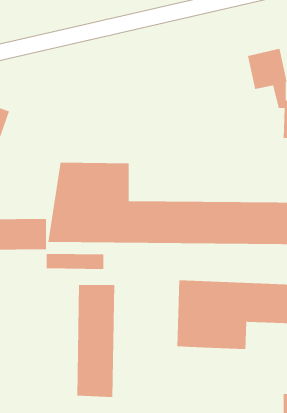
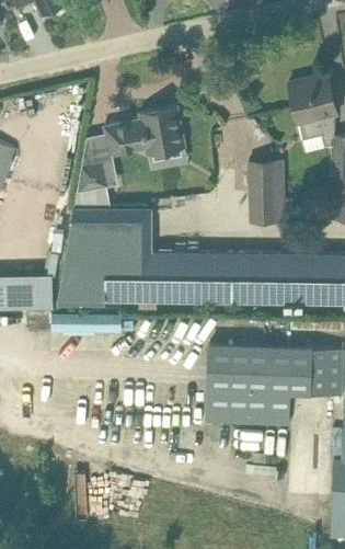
building: none -> [78,107,185,193]
building: none -> [249,162,291,224]
building: [77,284,115,398] -> none

